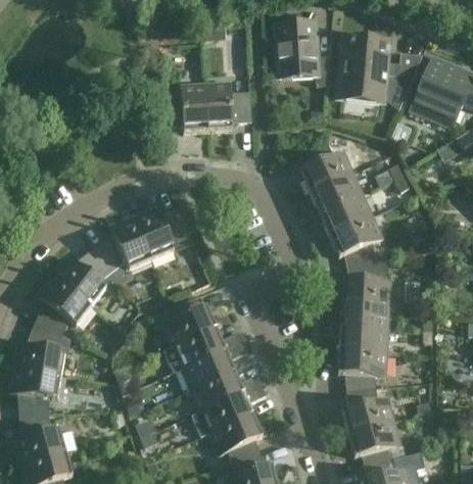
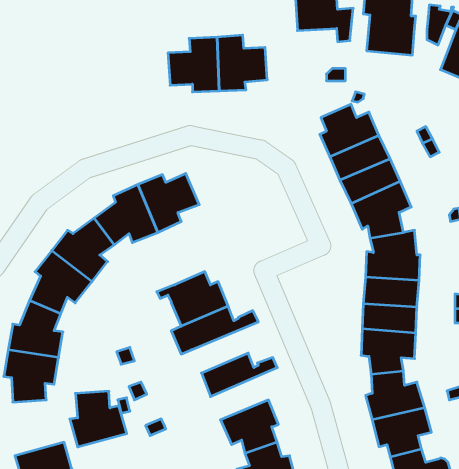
building: [183,343,248,390] -> none
building: [191,385,267,437] -> none
building: [14,415,66,466] -> [70,391,127,447]

